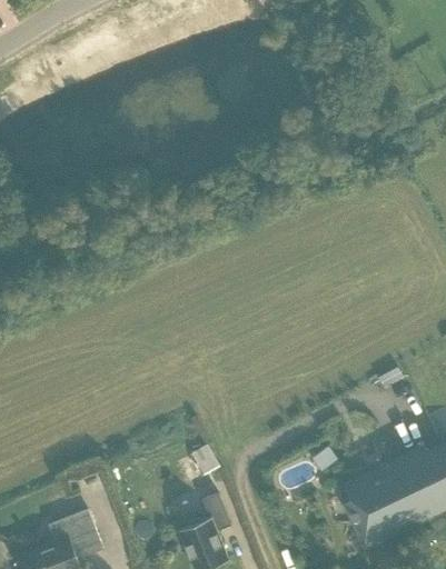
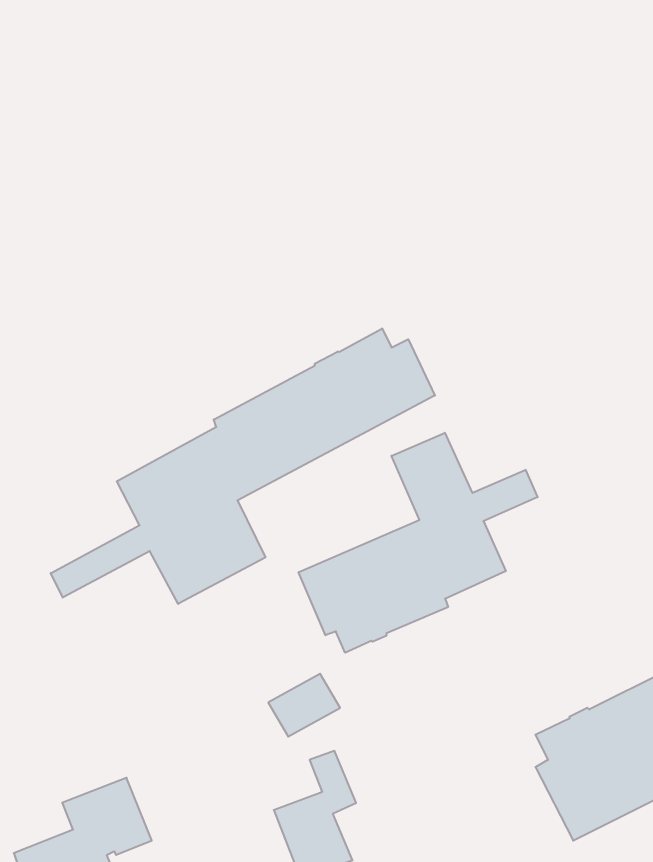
building: none -> [51,328,435,604]
building: none -> [299,433,538,653]

